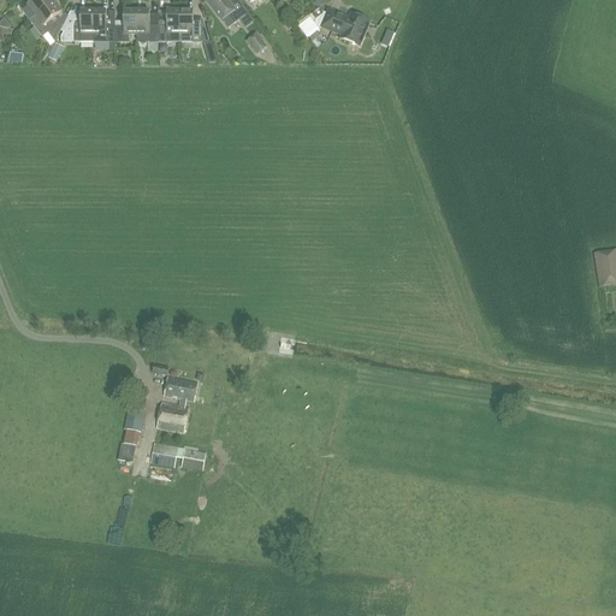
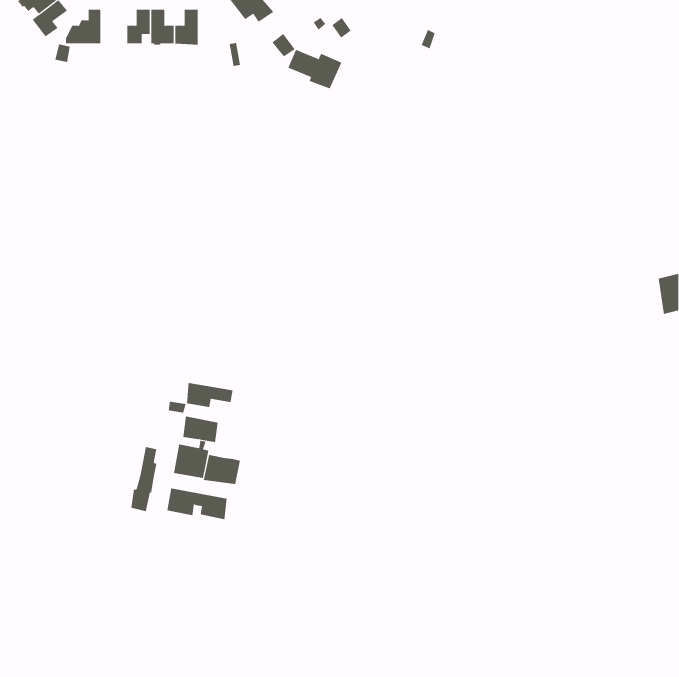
building: [320,7,369,43] -> [288,49,342,89]
building: [91,8,114,51] -> none
building: [179,8,200,42] -> none
building: none -> [186,382,233,408]
building: none -> [203,454,241,485]

